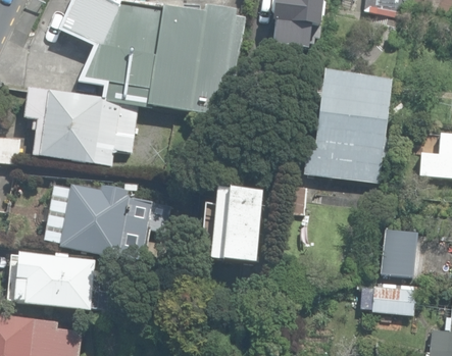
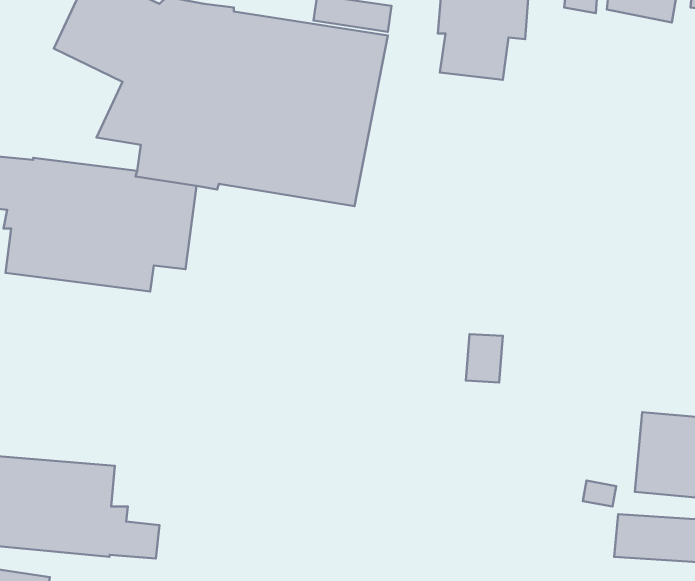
building: [302,72,389,183] -> none
building: [41,182,173,262] -> none
building: [211,188,260,262] -> none

